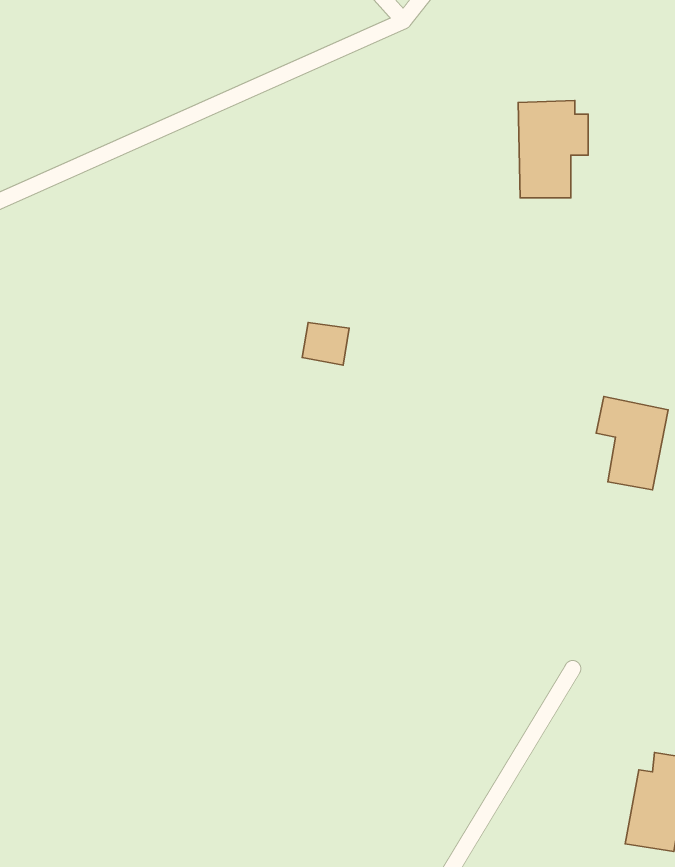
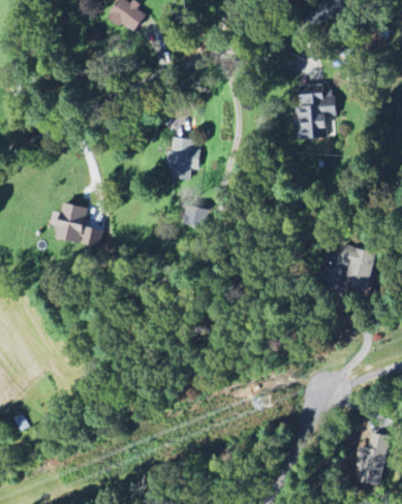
building: none -> [167,136,199,179]
building: none -> [51,202,93,244]

